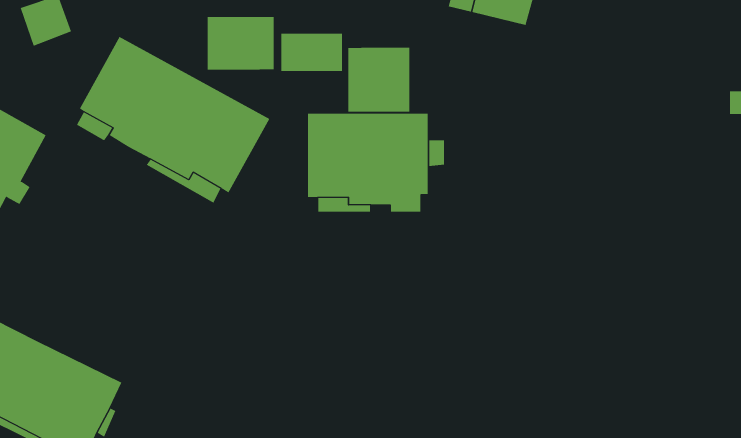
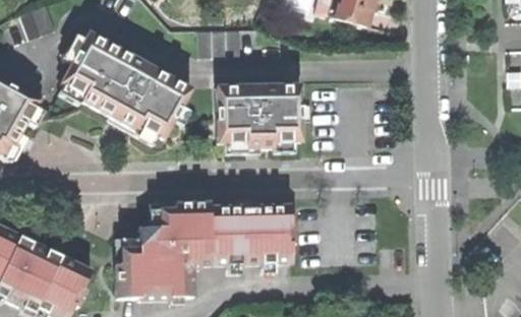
building: [207,16,274,70] -> none
building: [348,47,410,113] -> none
building: none -> [113,207,288,299]

